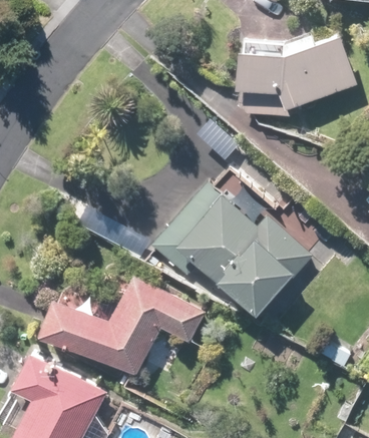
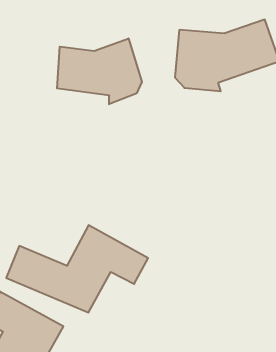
building: none -> [57,38,142,104]
building: [151,184,311,314] -> none

